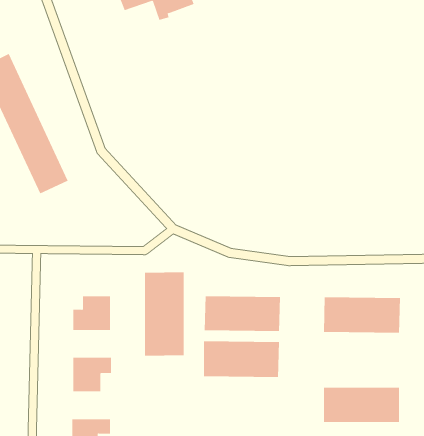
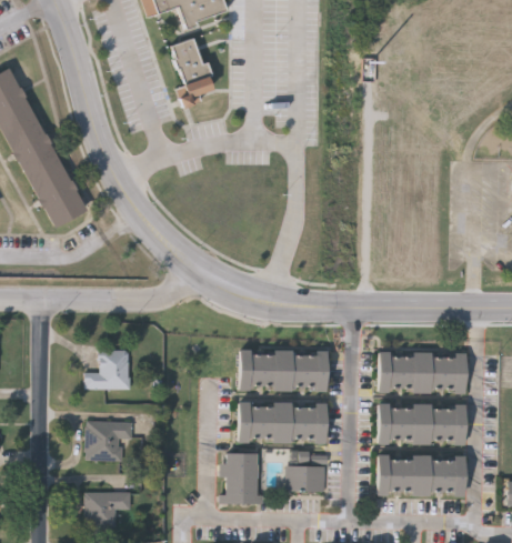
building: none -> [170,39,214,111]
building: [144,272,184,357] -> none
building: none -> [377,403,465,444]
building: none -> [219,454,259,505]
building: none -> [287,454,325,492]

